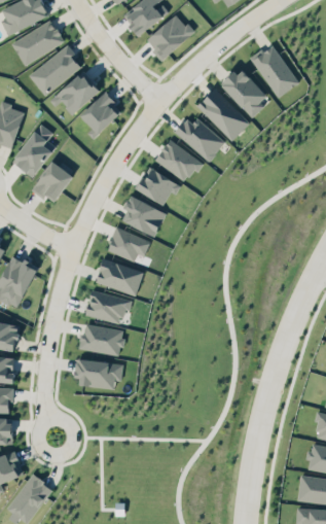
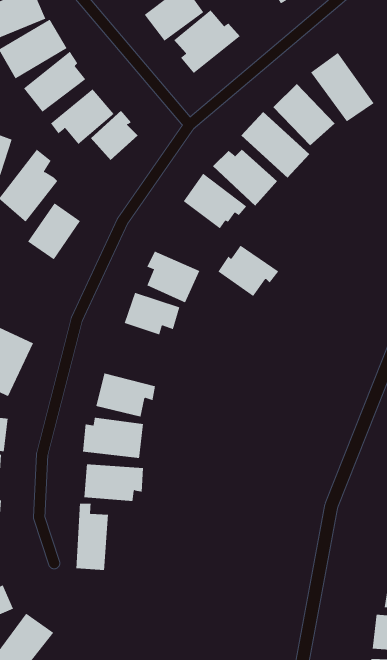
building: [135,165,182,205] -> [217,245,279,297]
building: [97,258,145,296] -> none
building: none -> [76,503,109,571]

